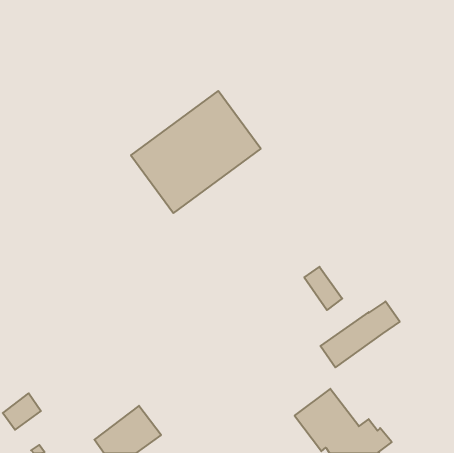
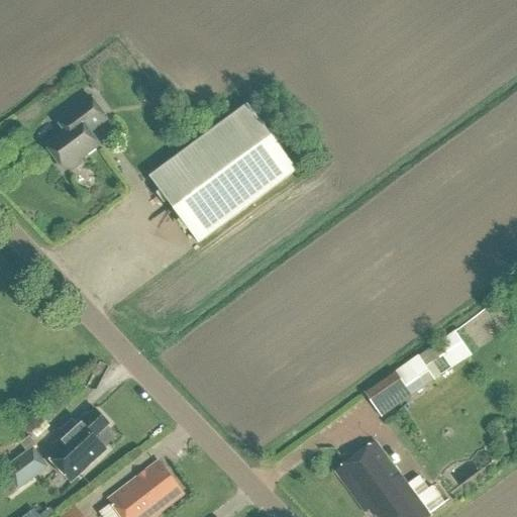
building: none -> [45,95,106,170]
building: [304,267,342,310] -> none
building: none -> [47,408,109,480]

